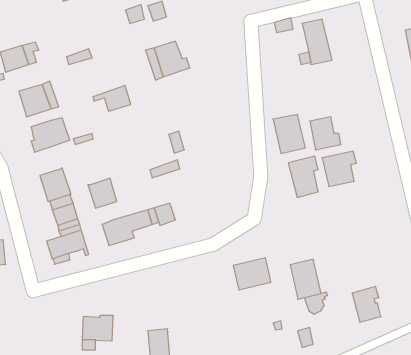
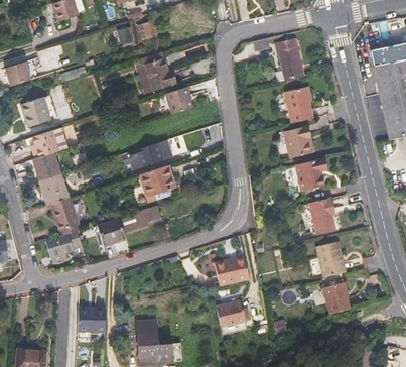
building: none -> [165,87,191,114]
building: [93,86,131,111] -> [127,143,161,166]
building: [273,115,305,153] -> [282,88,311,123]
building: [288,156,318,197] -> [307,197,334,234]
building: none -> [141,174,174,197]
building: [88,178,117,208] -> [32,153,58,180]
building: [290,259,321,299] -> [315,241,344,277]
building: none -> [216,299,245,326]

